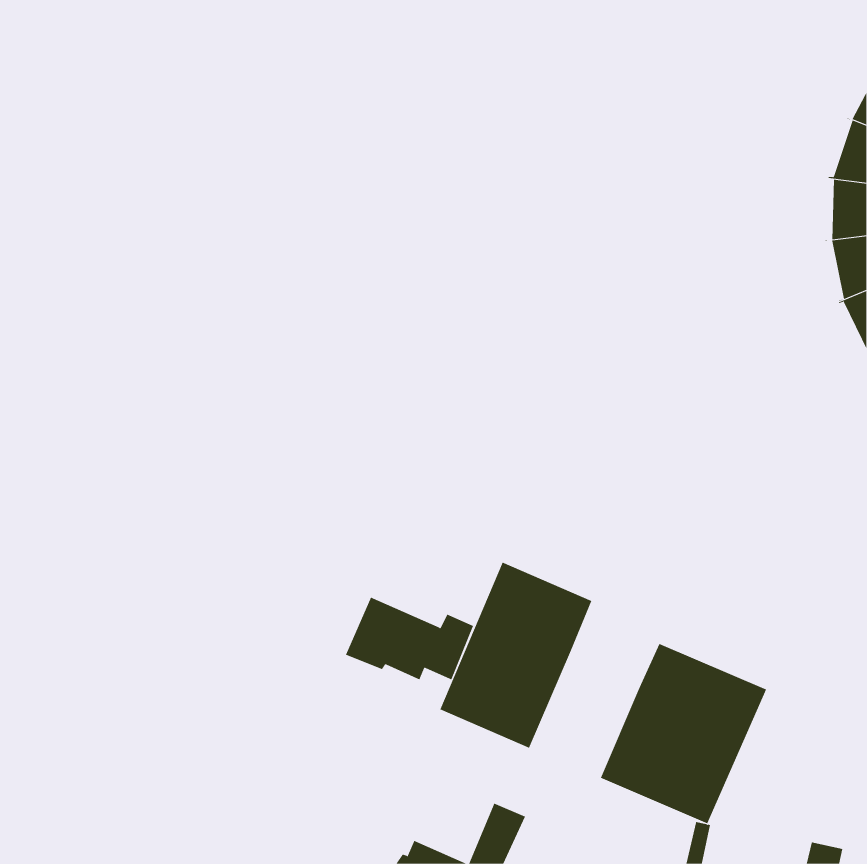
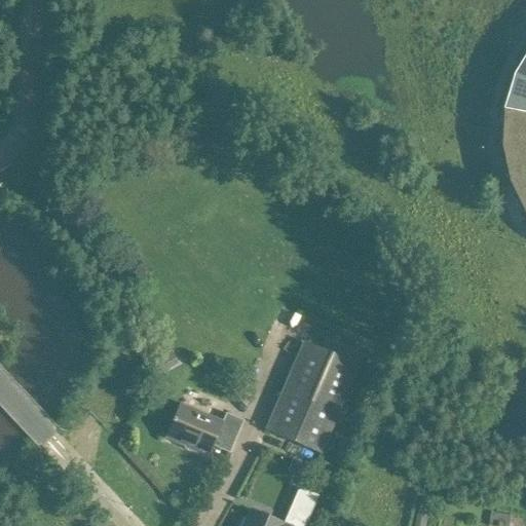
building: [345,597,474,680] -> [164,402,242,452]
building: [600,643,767,824] -> none

